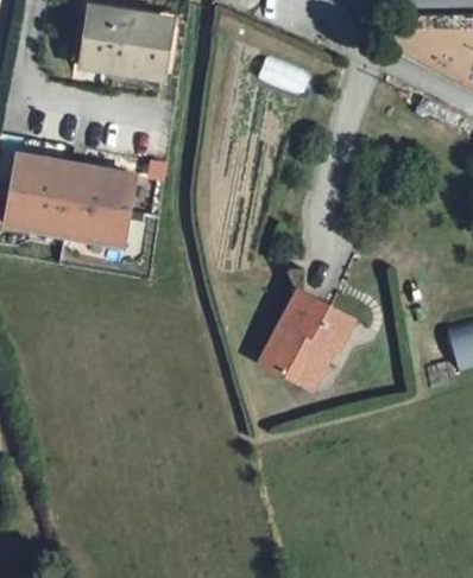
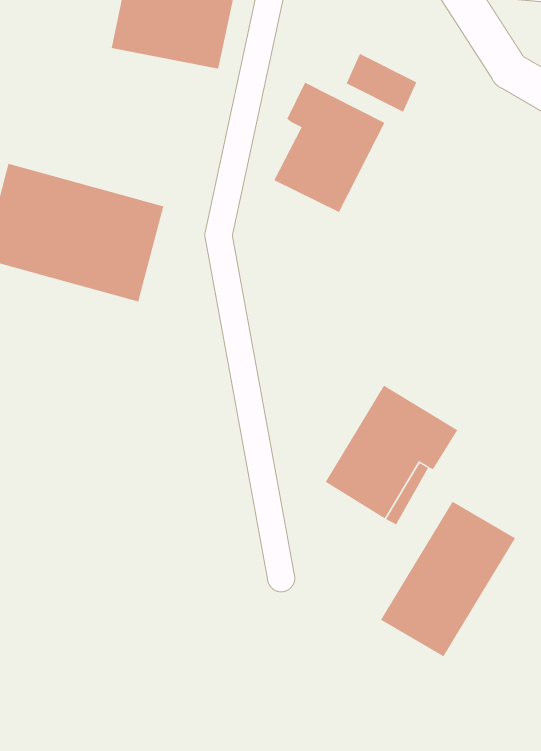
building: none -> [274,82,385,213]
building: none -> [380,501,516,657]

